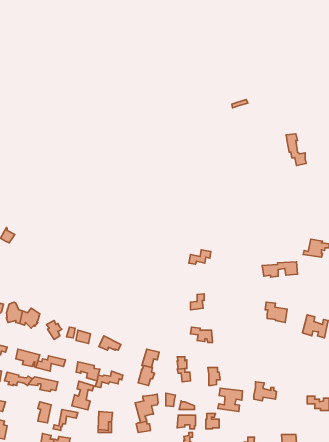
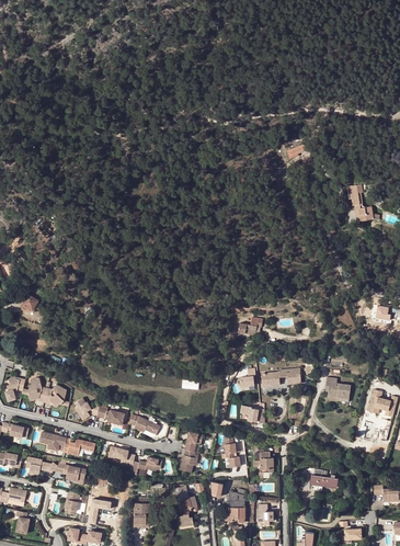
building: [262,262,297,277] -> [261,368,301,386]
building: [72,381,94,410] -> none
building: [218,388,243,412] -> none

